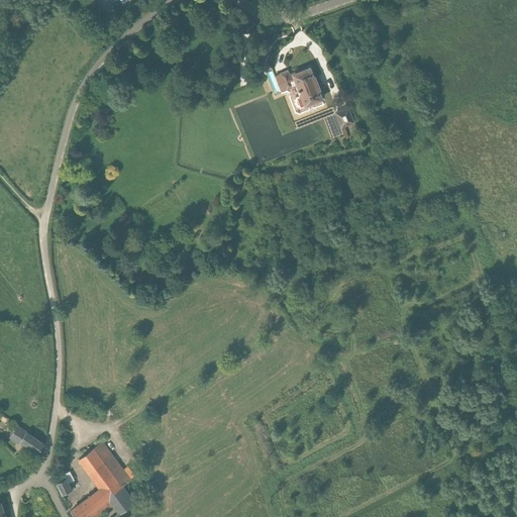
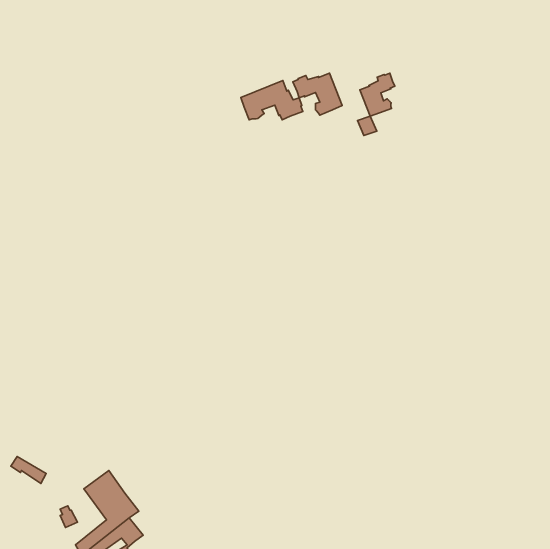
building: none -> [360,73,395,116]
building: none -> [241,81,303,120]

